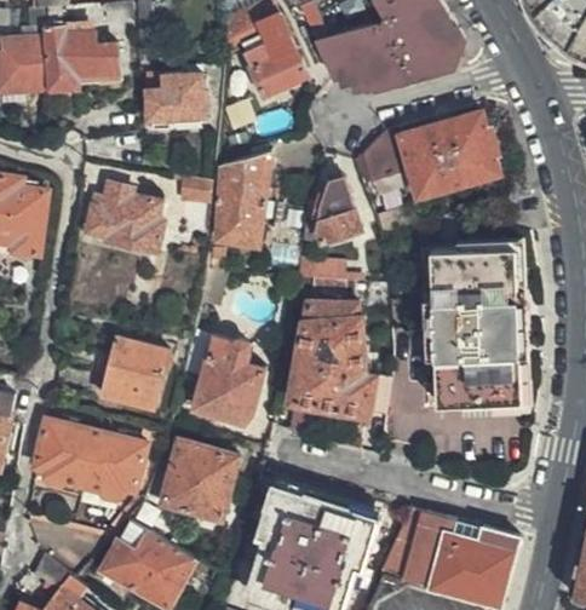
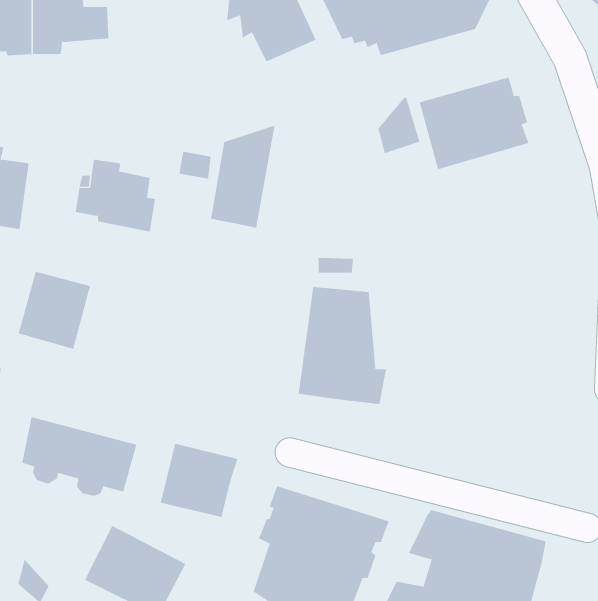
building: [150,75,206,131] -> none
building: [316,179,360,243] -> none
building: [432,247,523,403] -> none
building: [102,338,168,409] -> [18,271,91,349]
building: [194,355,264,424] -> none

